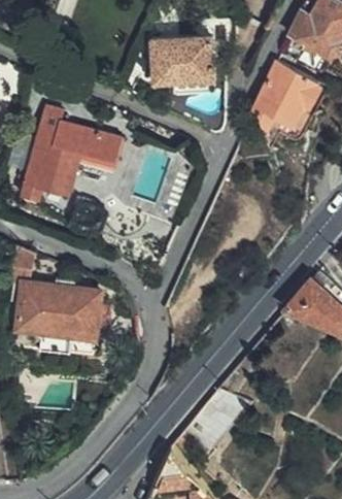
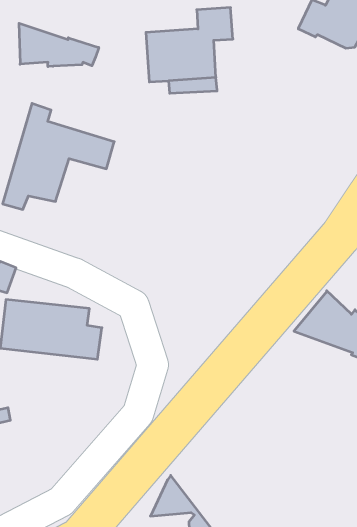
building: none -> [19,23,99,67]
building: [252,62,320,133] -> none

